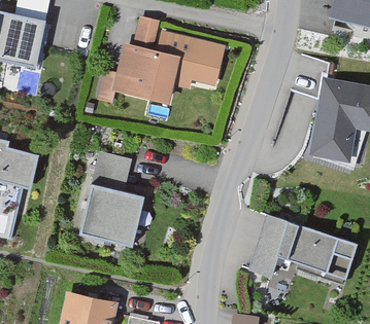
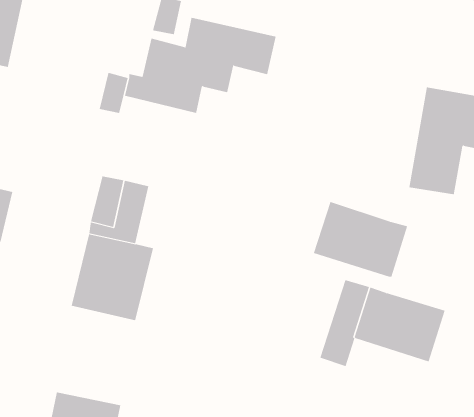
building: none -> [313,201,408,278]

